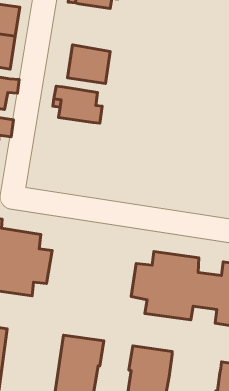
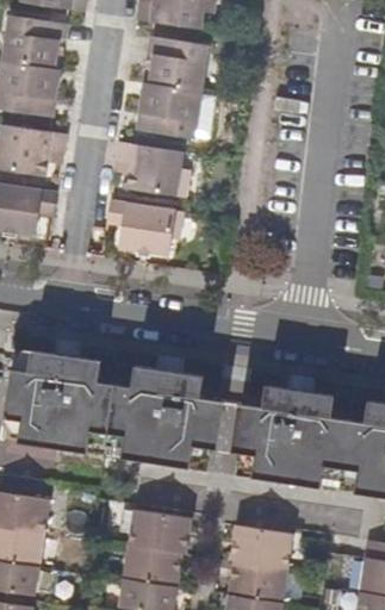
building: none -> [145,37,209,89]
building: none -> [110,199,182,255]
building: none -> [107,366,223,467]

